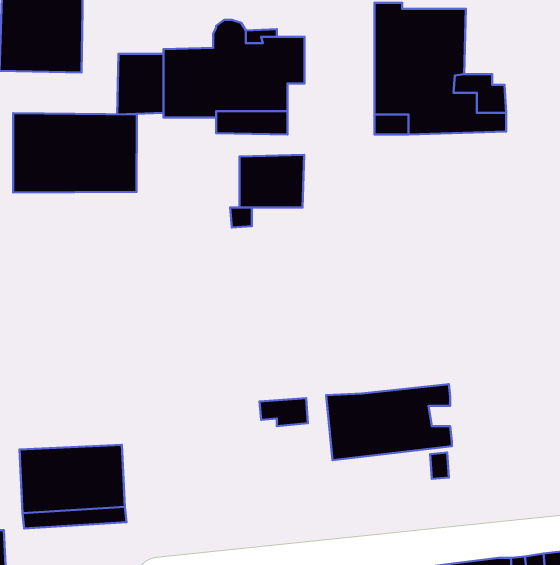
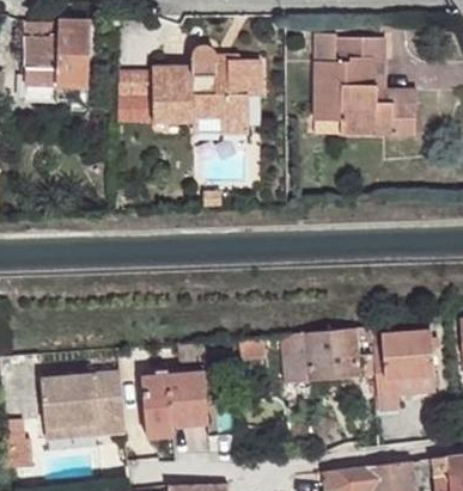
building: [13,113,137,192] -> none
building: [240,155,304,207] -> none
building: none -> [373,330,437,410]
building: none -> [141,373,209,437]

